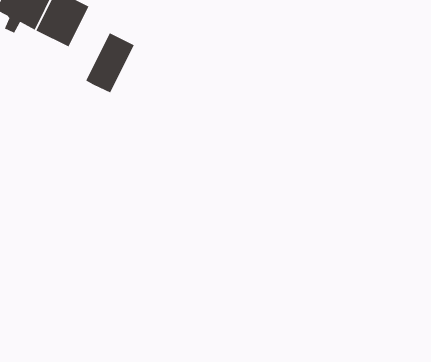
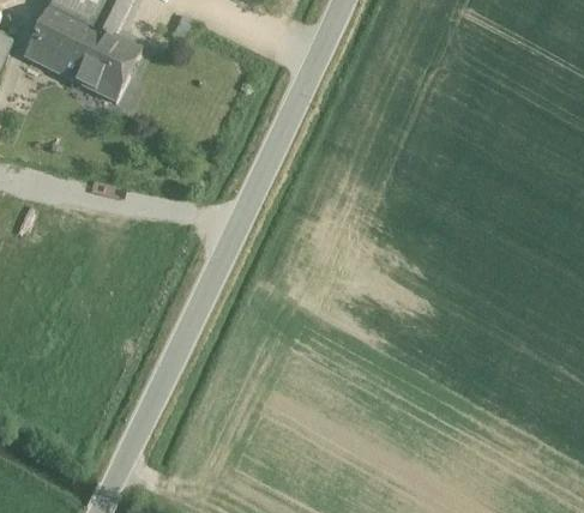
building: [85,32,135,94] -> none

